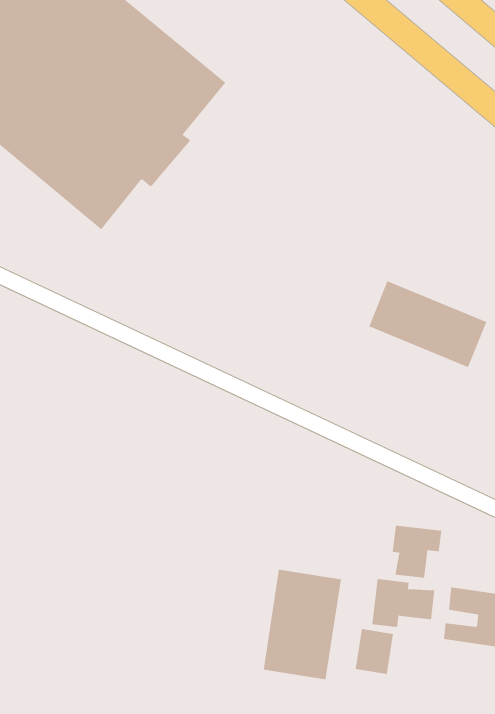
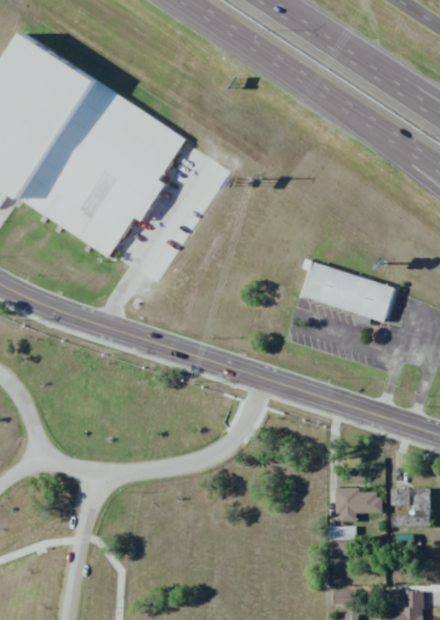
building: [392,525,442,578] -> none
building: [263,569,341,680] -> none

